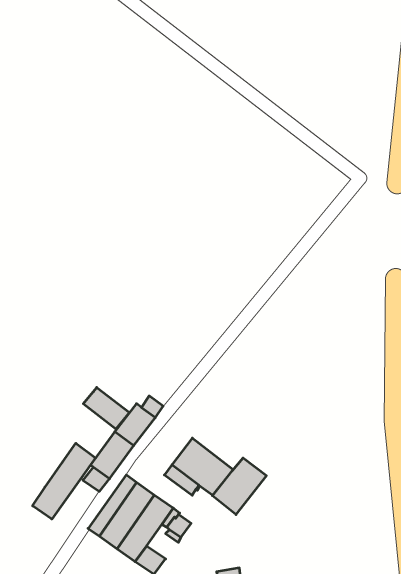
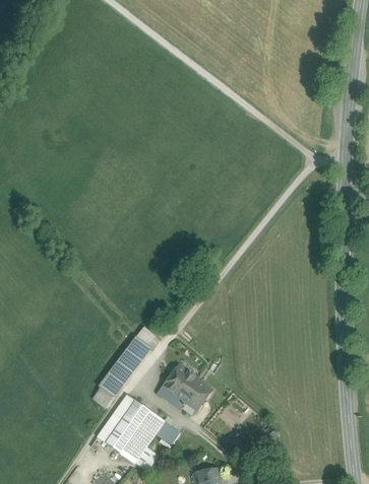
building: [83,387,129,429] -> none
building: [33,443,96,519] -> none
building: [212,458,266,515] -> none

